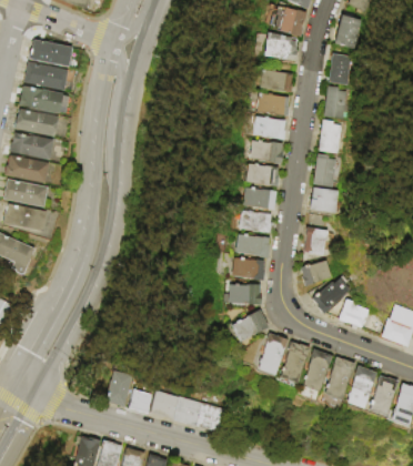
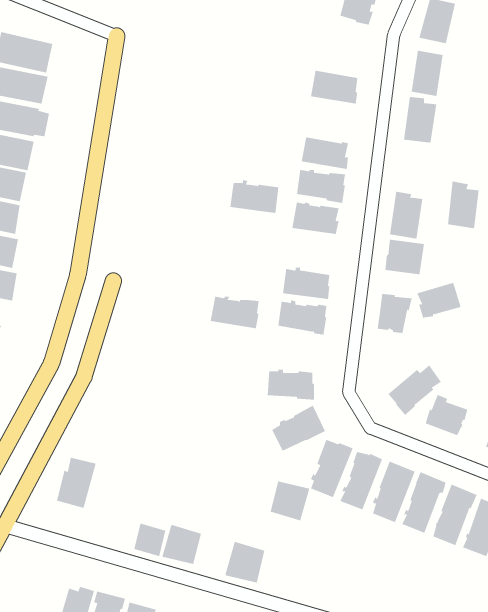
building: [262,31,296,59] -> none
building: [253,91,288,115] -> none
building: [319,120,342,154] -> [447,181,480,229]
building: [240,184,275,209] -> [230,179,279,214]
building: [229,256,264,280] -> [210,296,259,329]
building: [301,261,333,287] -> [417,282,462,319]
building: [105,373,134,409] -> [56,457,96,508]
building: [173,399,202,428] -> [270,481,310,521]

